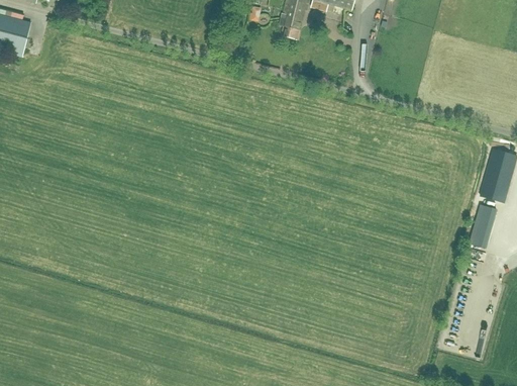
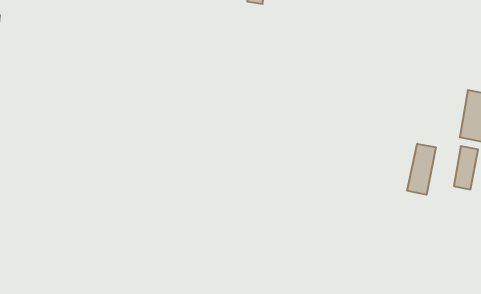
building: none -> [407,144,436,195]

